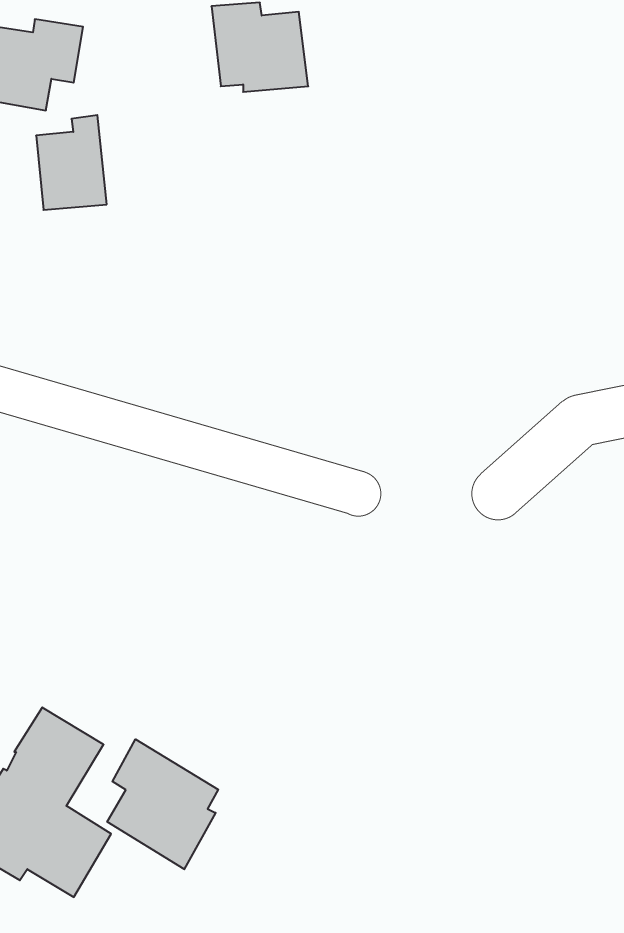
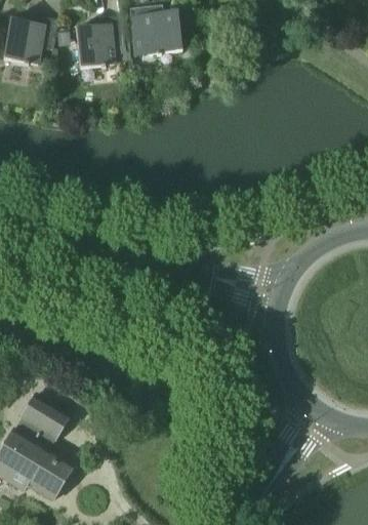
building: [36,115,107,210] -> [76,15,115,68]
building: [107,739,218,869] -> none

